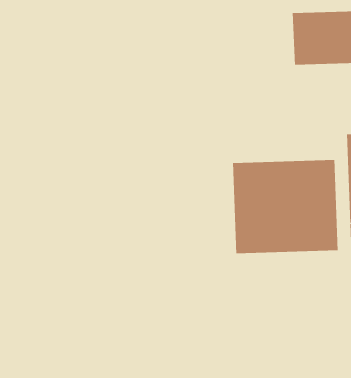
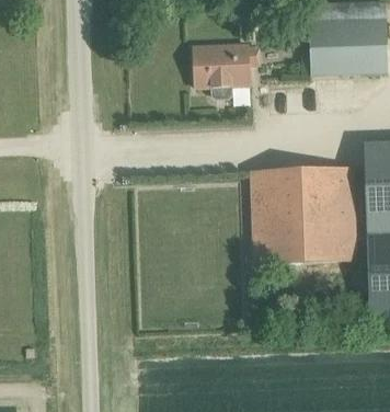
building: none -> [194,43,250,96]

